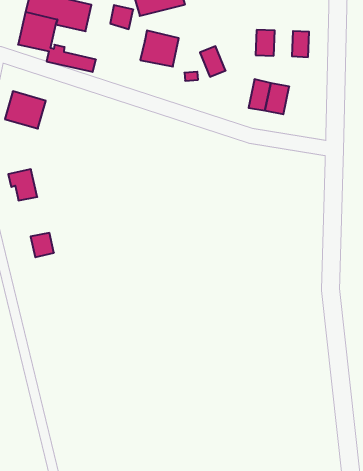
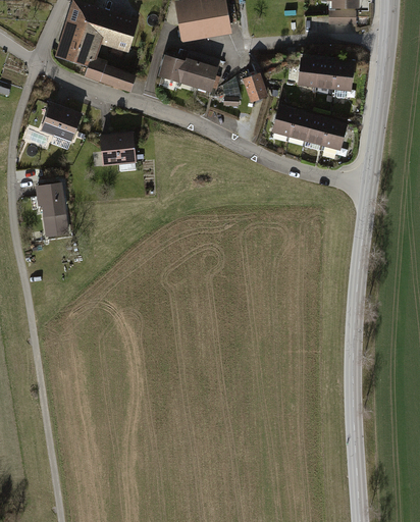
building: [110,5,133,29] -> [161,55,186,81]
building: none -> [315,61,336,89]
building: none -> [271,105,294,138]
building: none -> [320,119,347,152]
building: none -> [98,133,135,175]
building: [31,233,54,257] -> [45,211,67,234]

